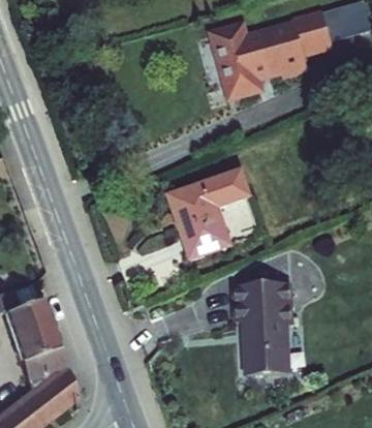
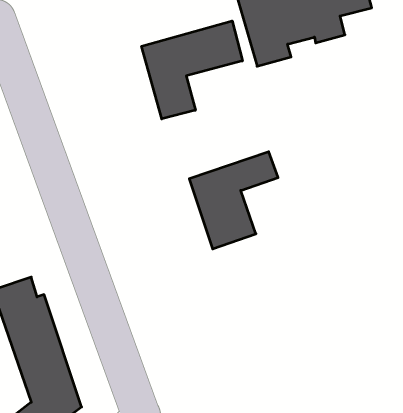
building: none -> [142,21,242,119]
building: [235,283,291,376] -> none

